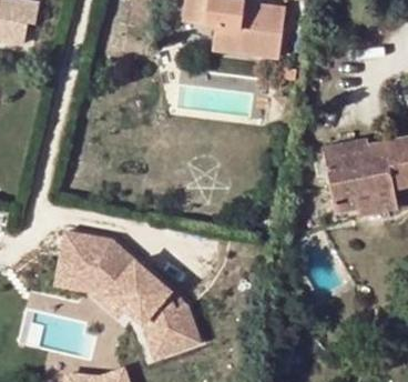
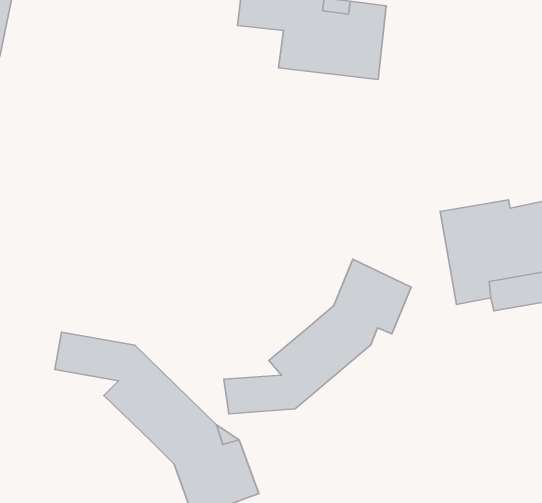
building: none -> [224,259,411,414]
building: [57,257,126,314] -> none

